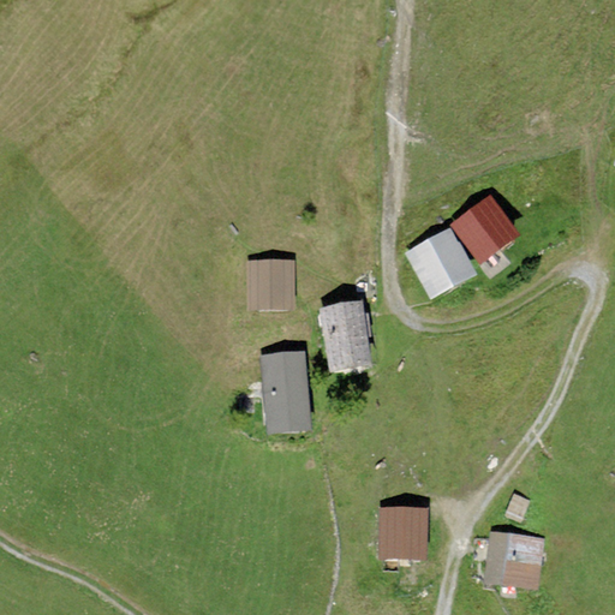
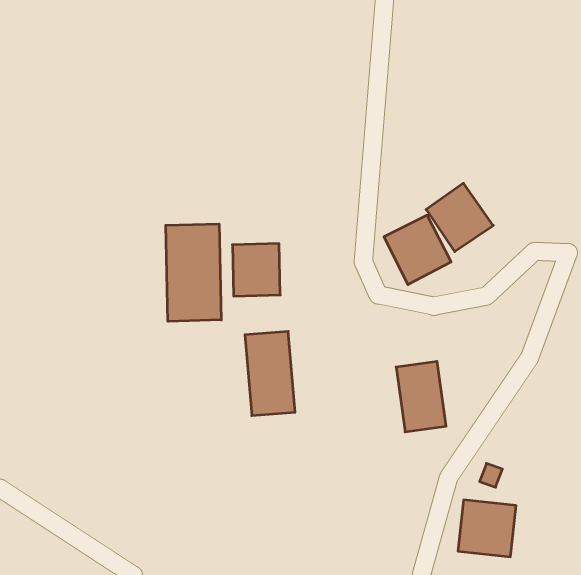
building: none -> [166,224,221,321]
building: [321,301,374,376] -> [396,361,446,432]
building: [371,506,424,560] -> none

